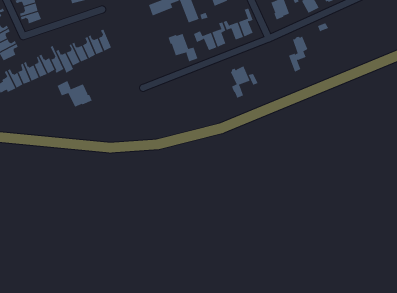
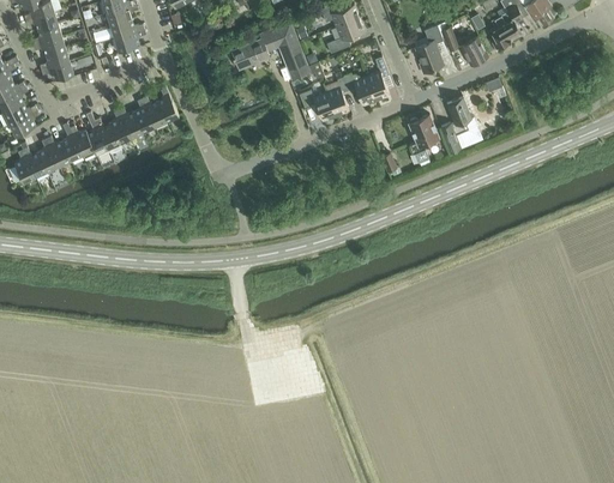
building: [168,33,198,62] -> none
building: [230,66,250,99] -> [409,115,439,164]
building: [57,80,93,108] -> none

